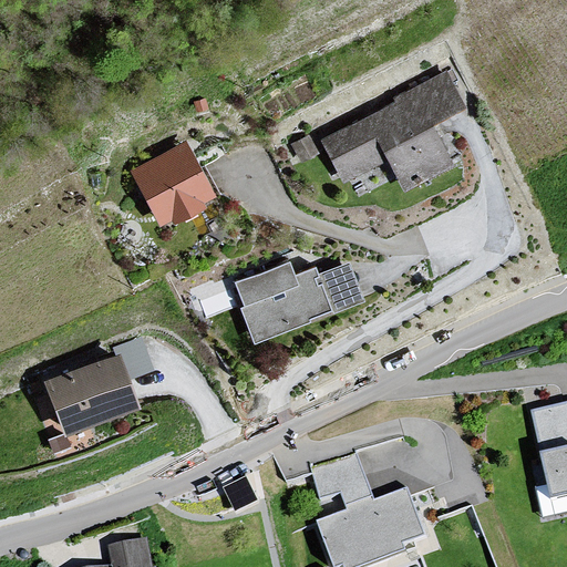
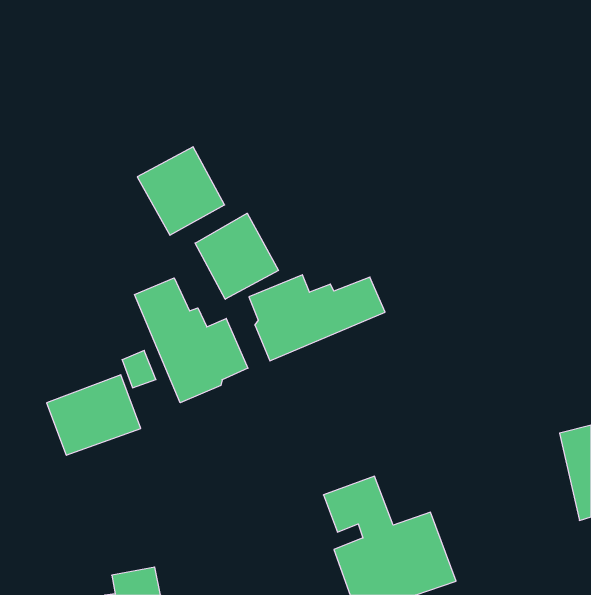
building: [322,70,468,193] -> none
building: none -> [195,213,278,299]
building: none -> [134,278,248,403]

